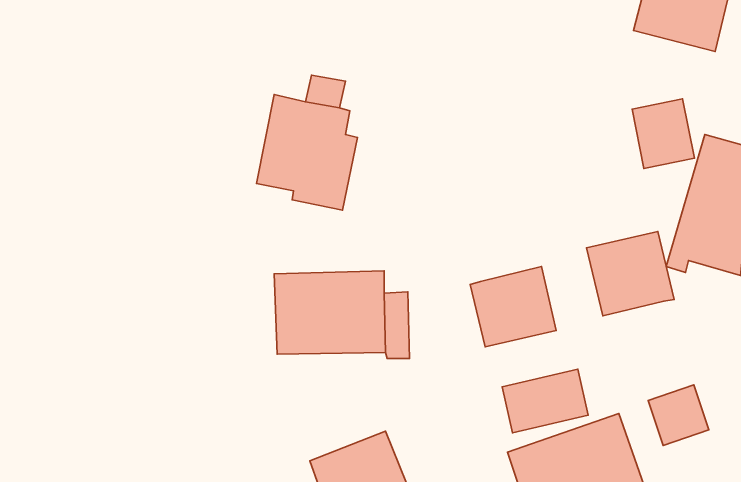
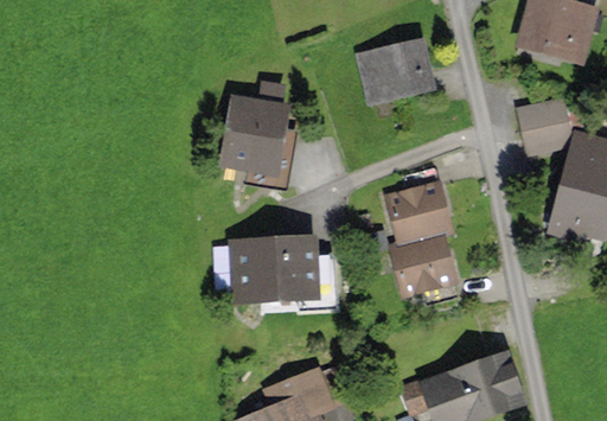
building: none -> [356,38,435,107]
building: [587,231,674,316] -> [383,178,453,245]
building: [502,369,588,433] -> none
building: [648,385,709,445] -> none

